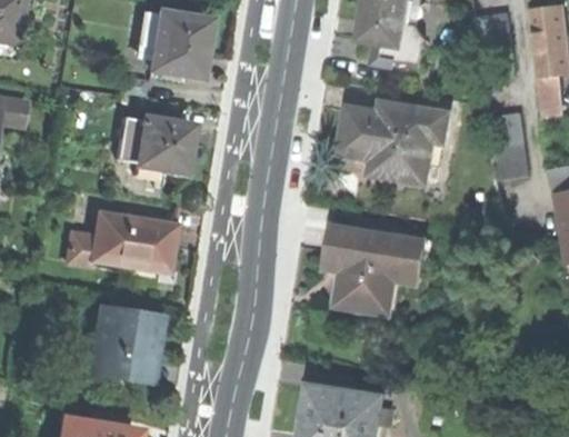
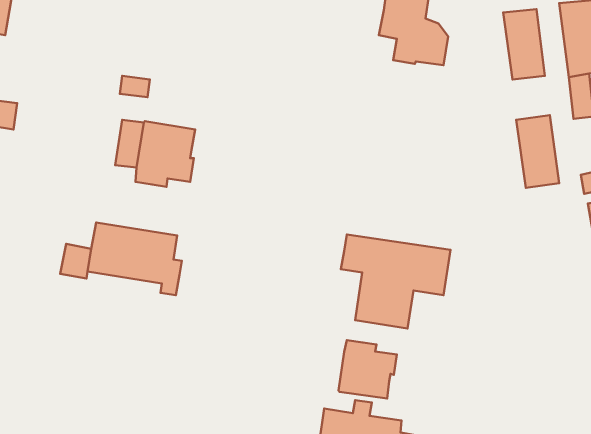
building: [140,11,207,76] -> none
building: [343,106,446,179] -> none
building: [91,311,162,385] -> none
building: none -> [339,340,397,398]

